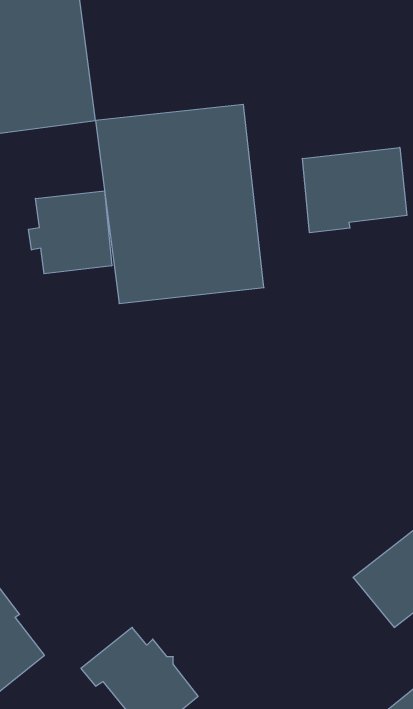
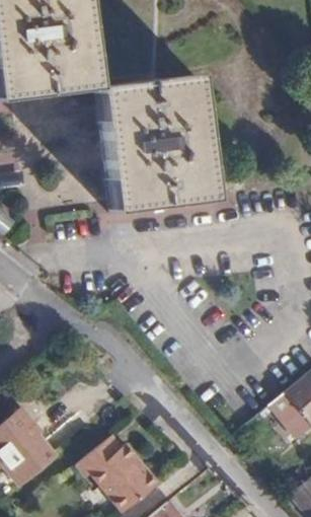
building: [302,147,407,233] -> none
building: [29,191,112,274] -> none

